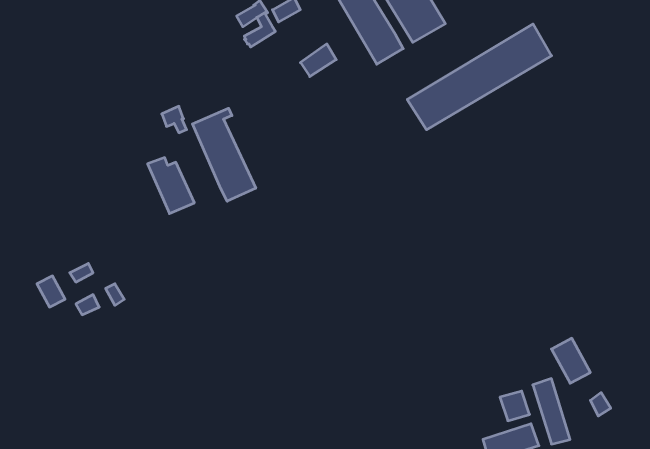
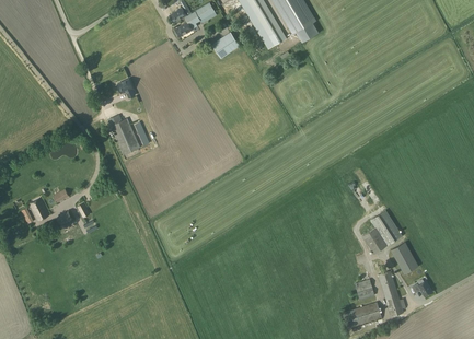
building: [407,24,552,130] -> none
building: [192,108,256,201] -> none
building: none -> [362,210,402,254]

